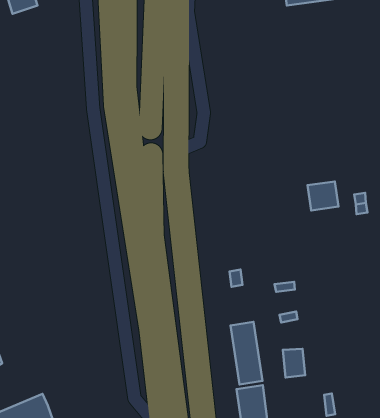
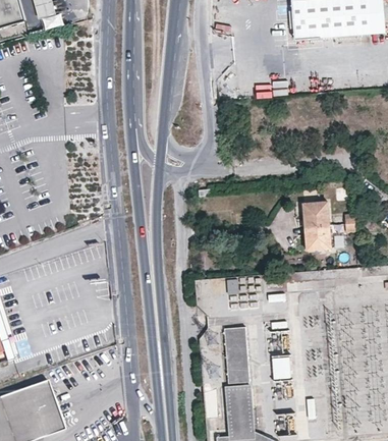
building: none -> [303,224,331,251]

